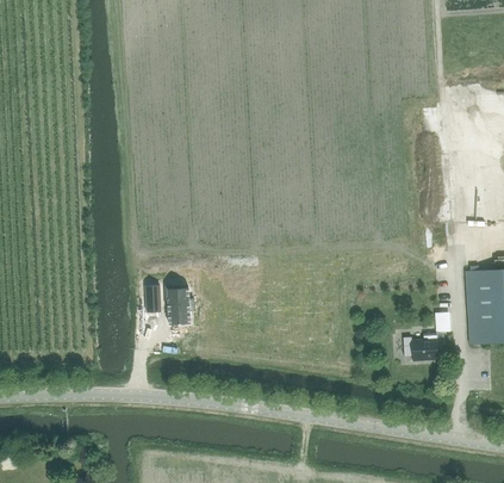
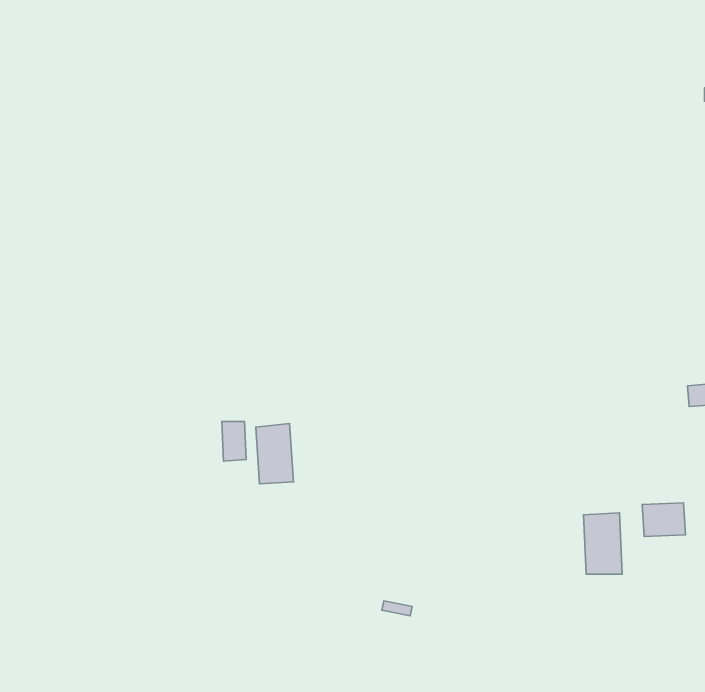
building: none -> [584,513,622,574]

